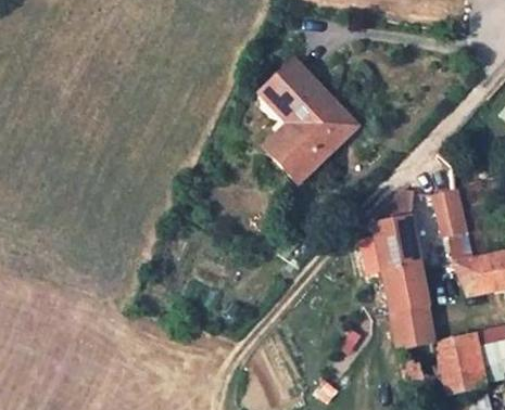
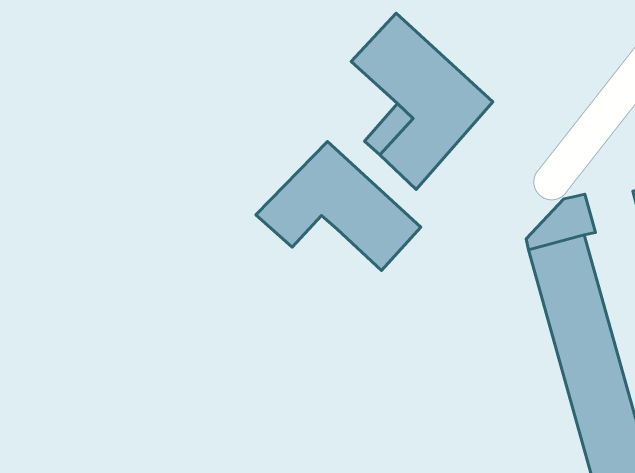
building: none -> [256,141,421,271]

